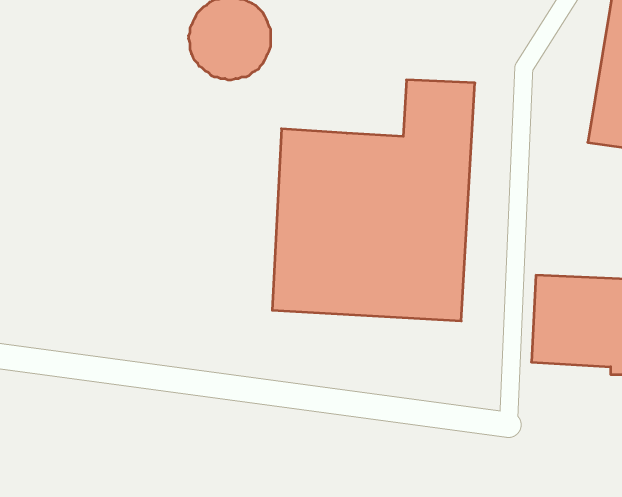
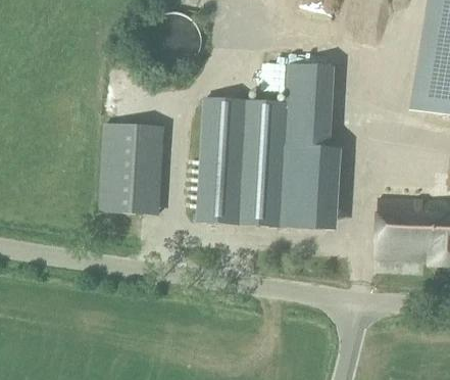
building: none -> [100,124,161,211]

